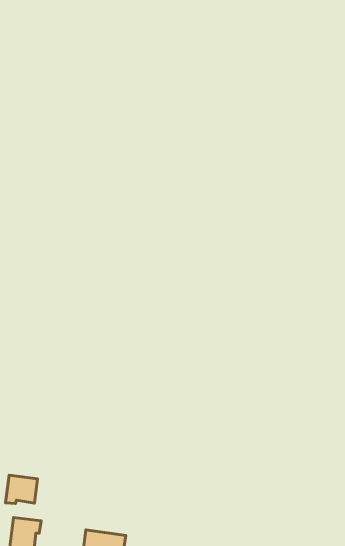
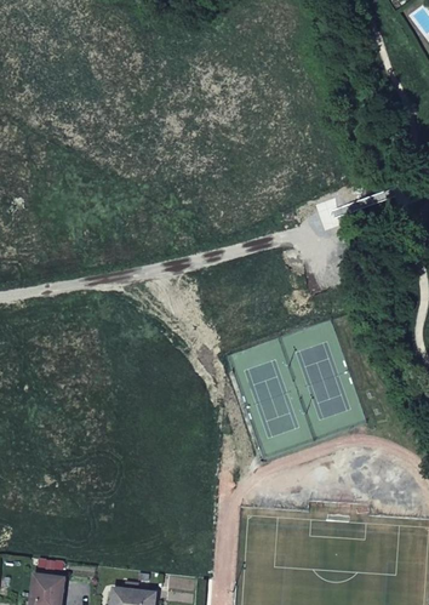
building: [5,475,38,504] -> none

